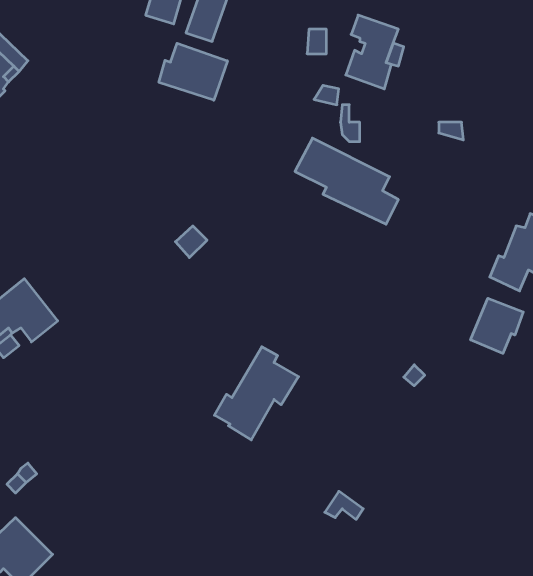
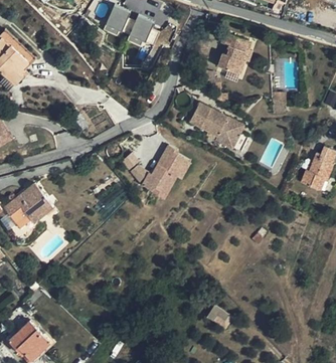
building: [159,43,227,100] -> none
building: [471,298,523,353] -> none
building: [214,347,299,440] -> [144,146,192,199]

